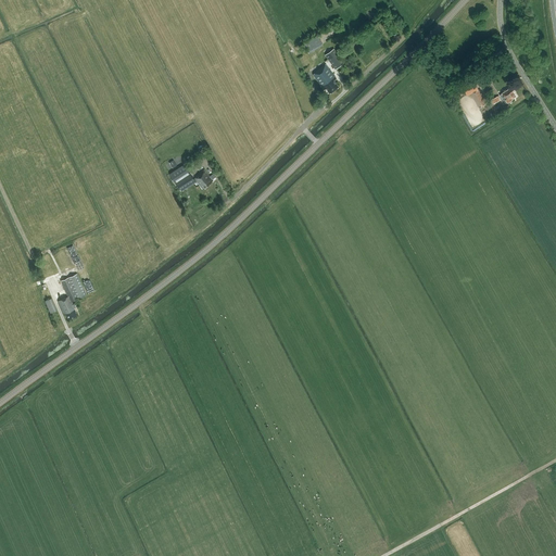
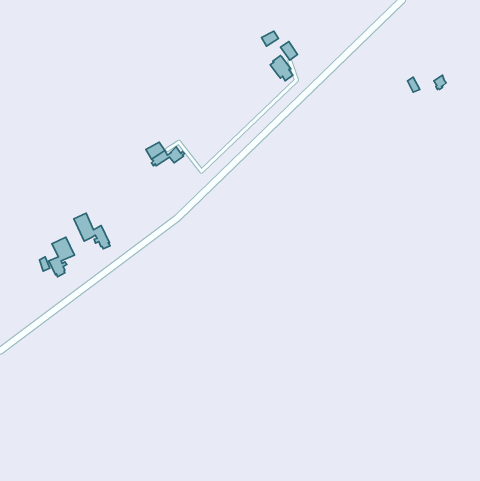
building: none -> [74,213,110,249]

